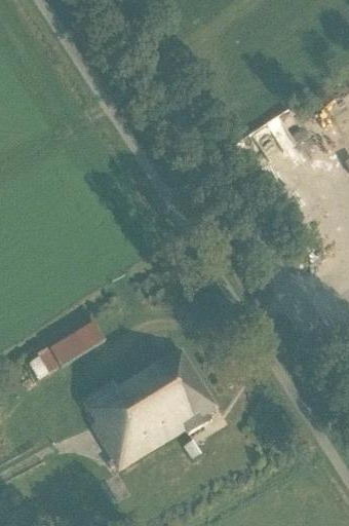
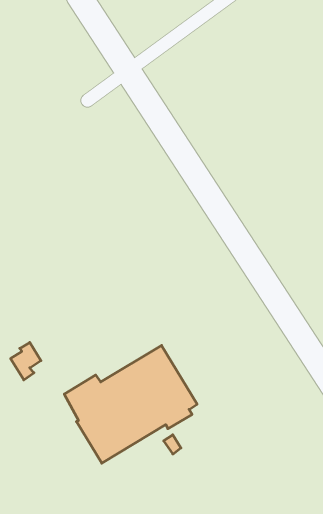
building: [51,322,105,365] -> none

